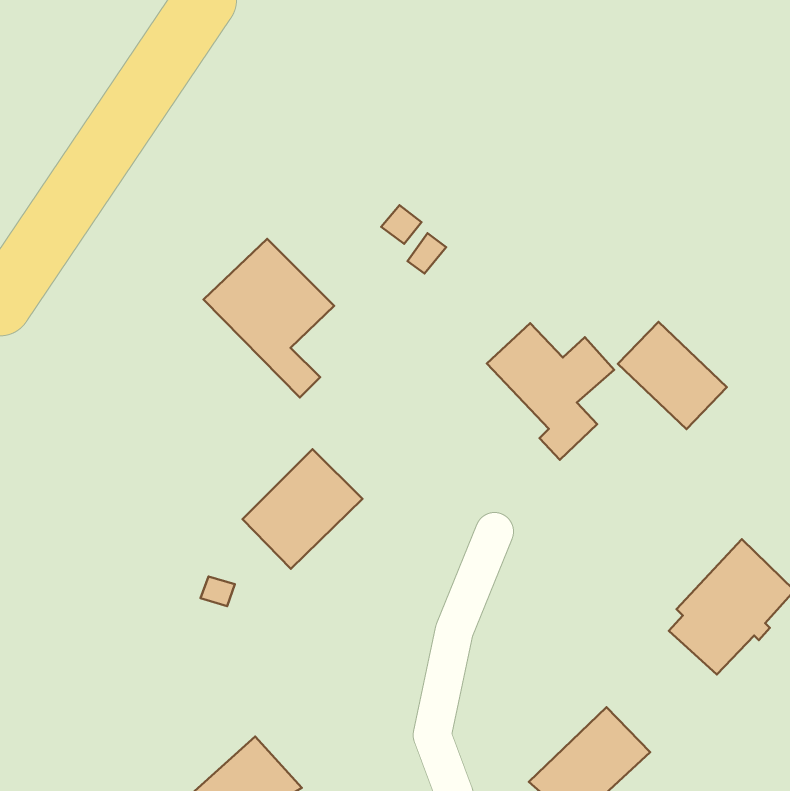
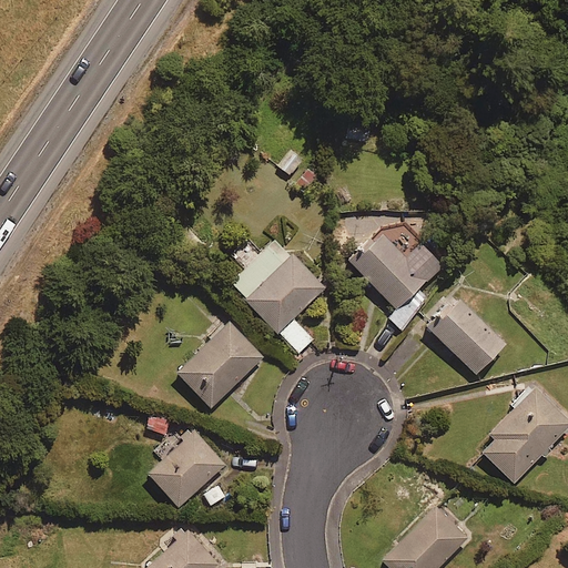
building: [203,239,334,397] -> [231,241,324,354]
building: [618,322,727,429] -> [426,297,504,374]
building: none -> [146,430,225,508]

